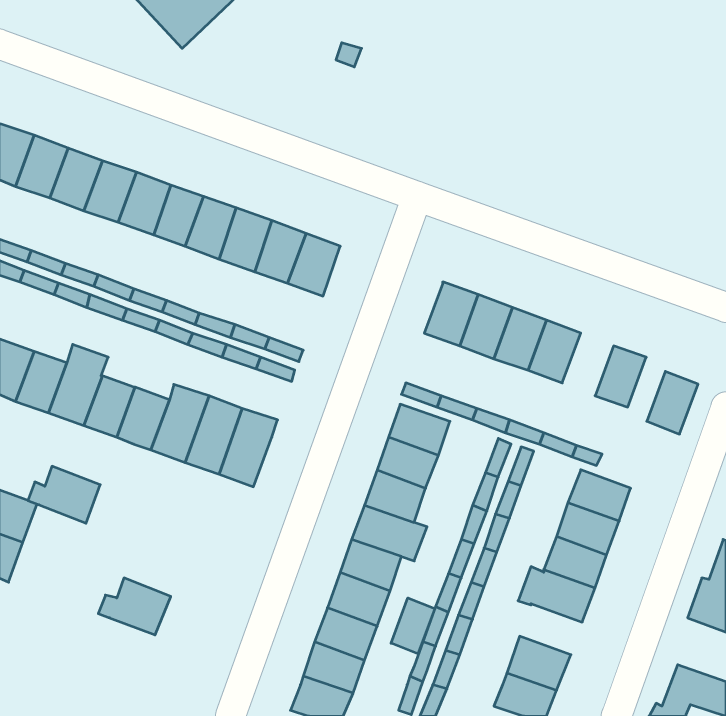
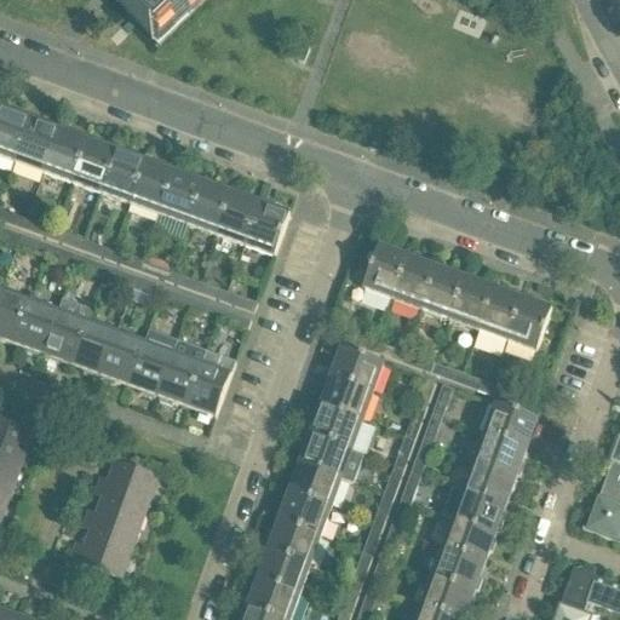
building: [647,371,698,434] -> [478,283,522,337]
building: [28,466,100,523] -> [96,459,157,507]
building: [391,598,435,654] -> none
building: none -> [442,513,495,557]
building: none -> [73,526,132,574]

